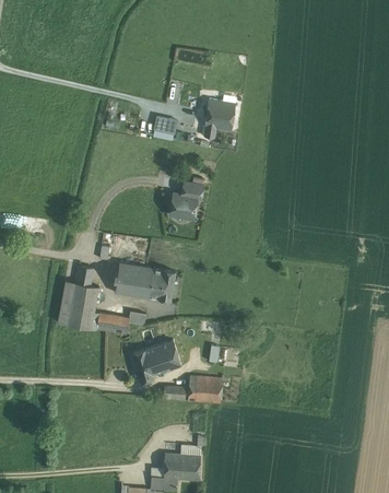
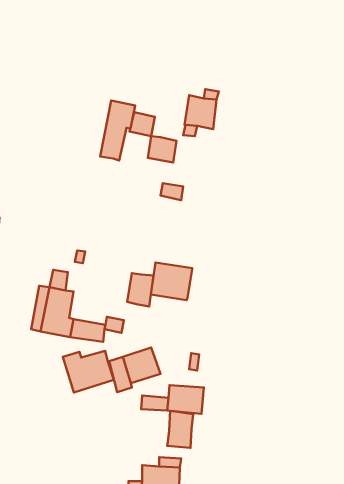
building: none -> [100,101,135,160]
building: [169,193,197,219] -> [148,136,176,162]
building: [115,262,154,298] -> [151,262,192,300]
building: none -> [63,351,114,393]
building: none -> [167,411,193,448]

